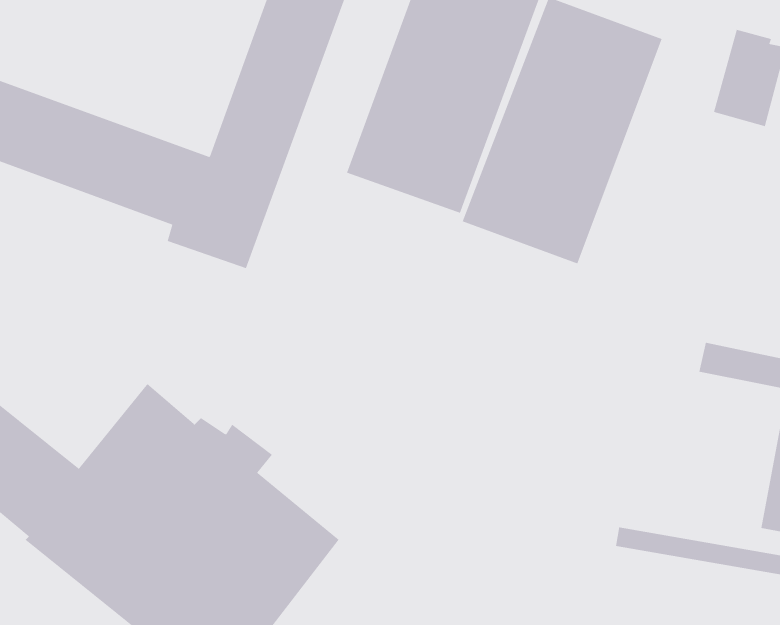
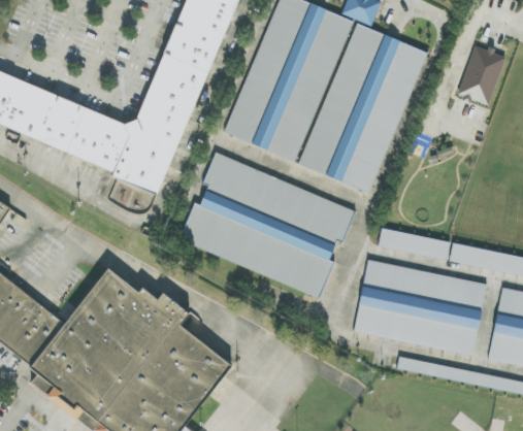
building: none -> [178,157,356,295]
building: none -> [379,230,450,258]
building: none -> [355,261,487,355]

